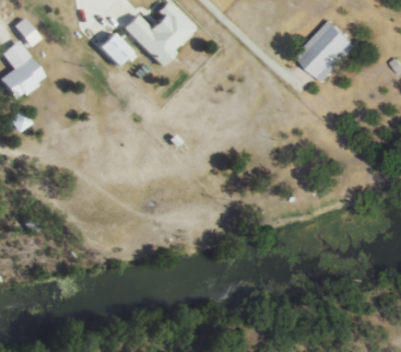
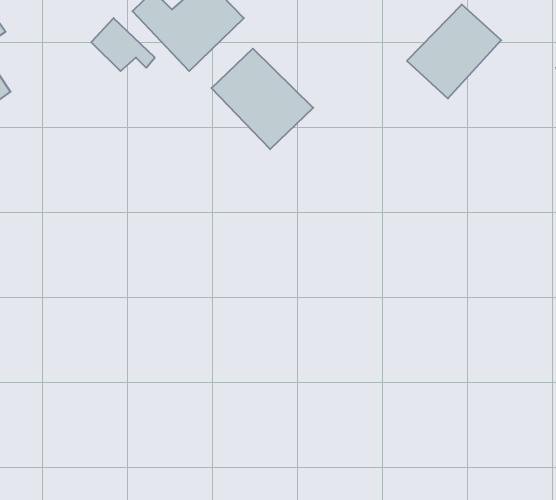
building: none -> [211,49,313,149]

